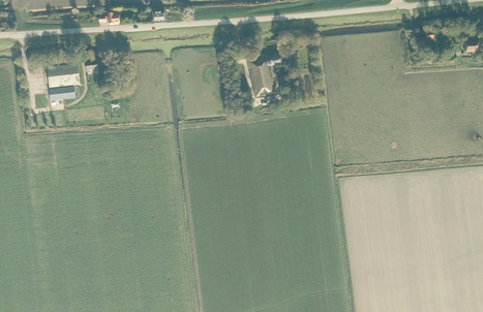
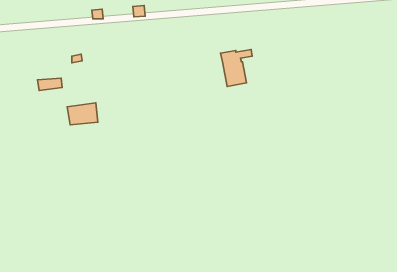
building: [46,64,79,88] -> [67,103,98,125]

